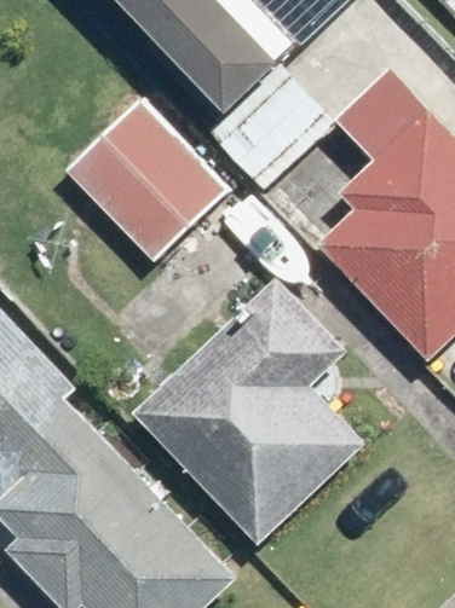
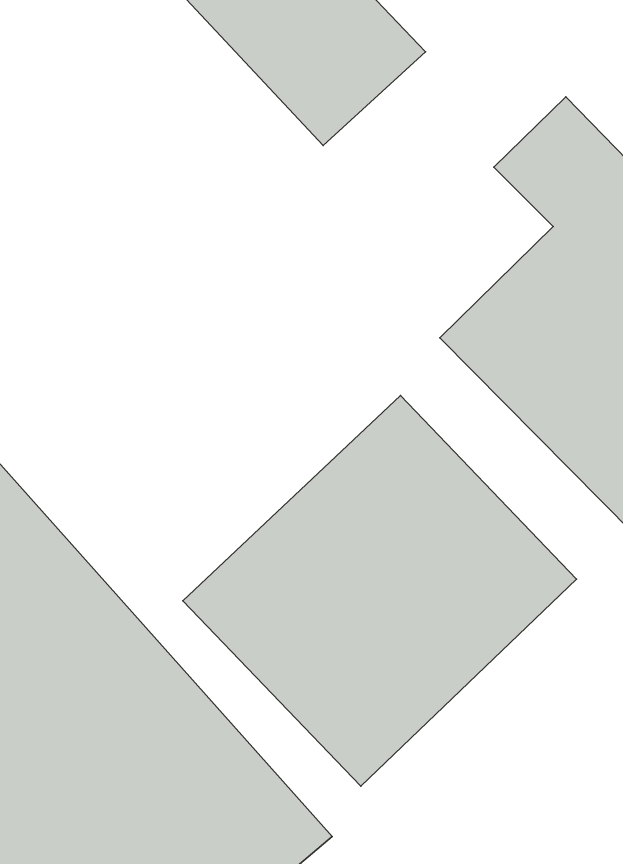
building: [63,97,229,262] -> none

